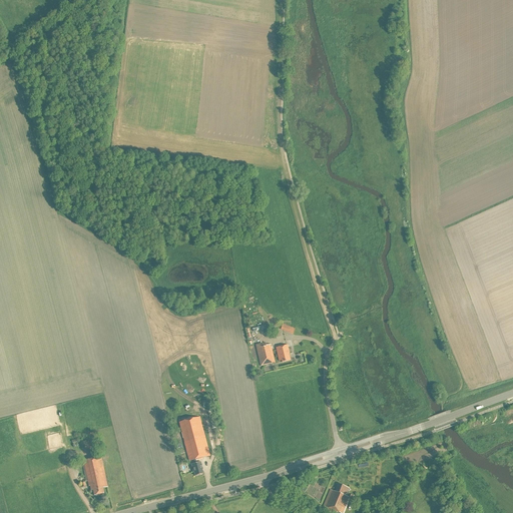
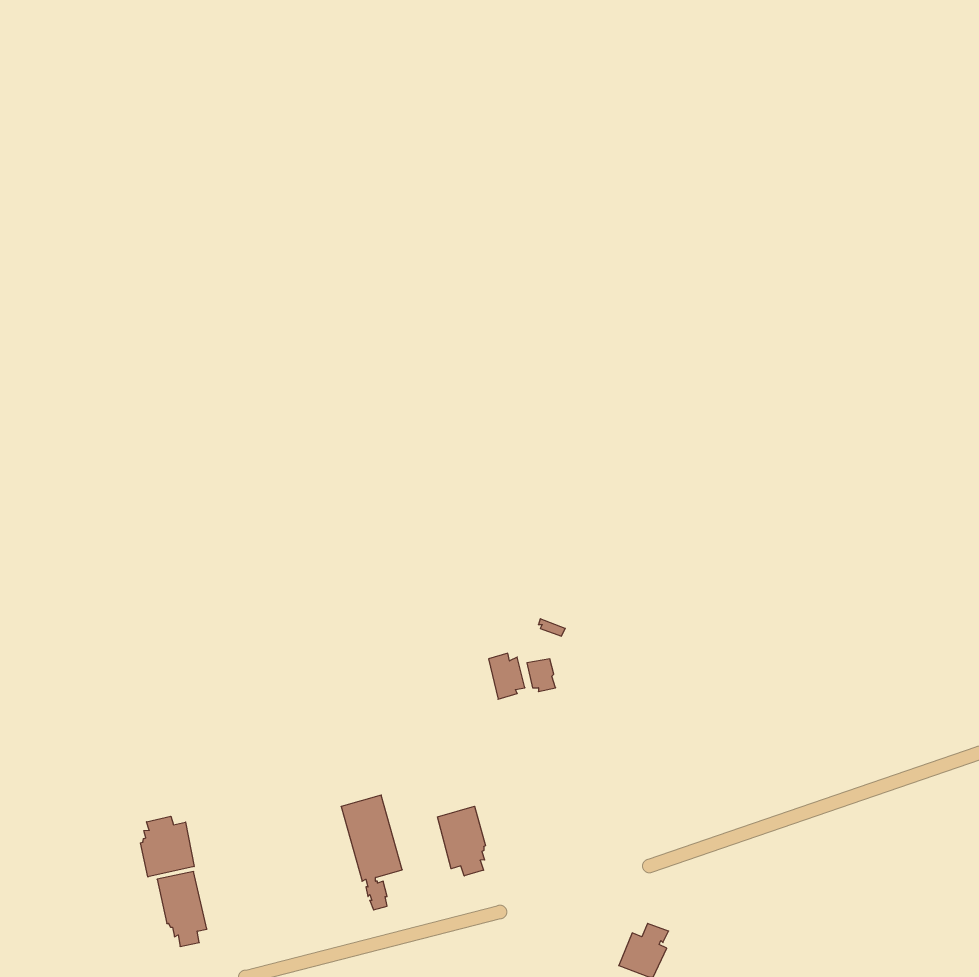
building: none -> [437,806,486,876]
building: none -> [141,816,194,877]

